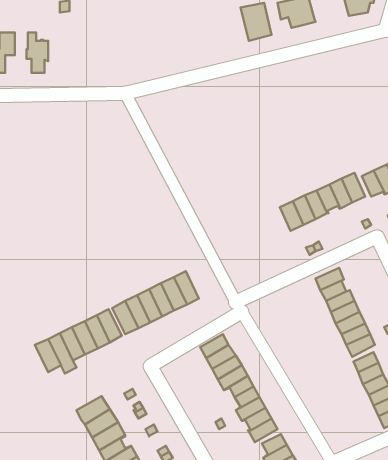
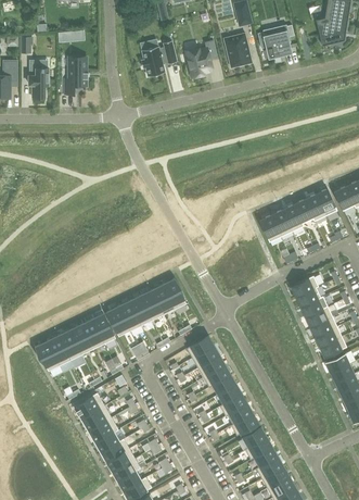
building: none -> [141,40,177,76]
building: none -> [185,40,217,76]
building: none -> [65,58,87,95]

